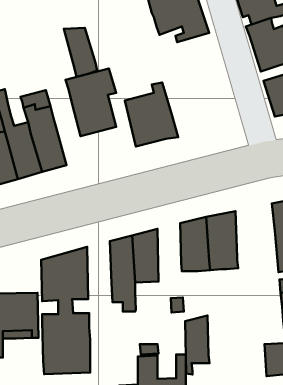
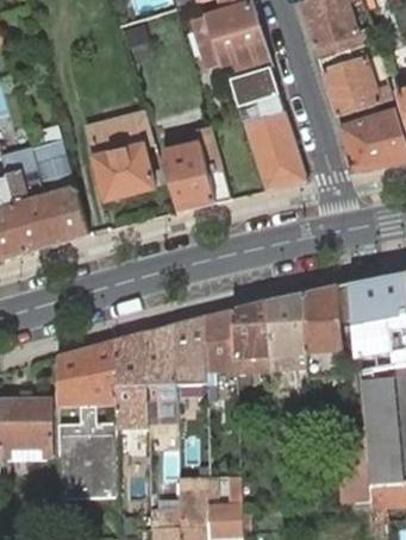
building: [64,28,97,77] -> none
building: none -> [230,67,279,106]
building: none -> [244,111,307,190]
building: none -> [304,283,354,376]
building: none -> [115,331,148,456]
building: [185,315,209,375] -> [205,308,236,383]

